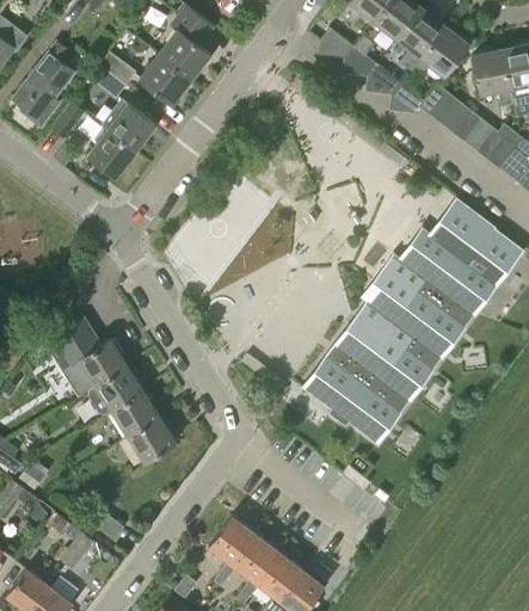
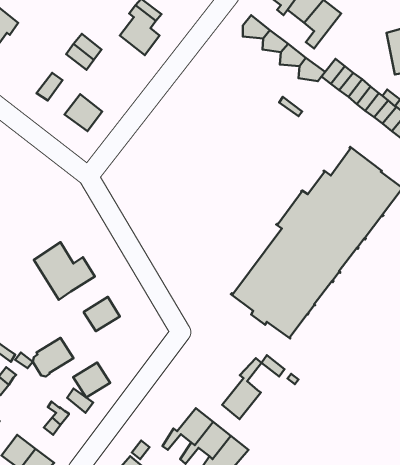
building: [413,25,468,74] -> none
building: [13,43,75,128] -> none
building: [473,50,513,106] -> none
building: [140,54,191,104] -> none
building: [107,103,156,152] -> none
building: [91,364,143,414] -> [33,338,74,377]
building: [128,415,176,461] -> [73,362,110,398]
building: none -> [222,358,261,419]
building: [210,516,257,563] -> none

